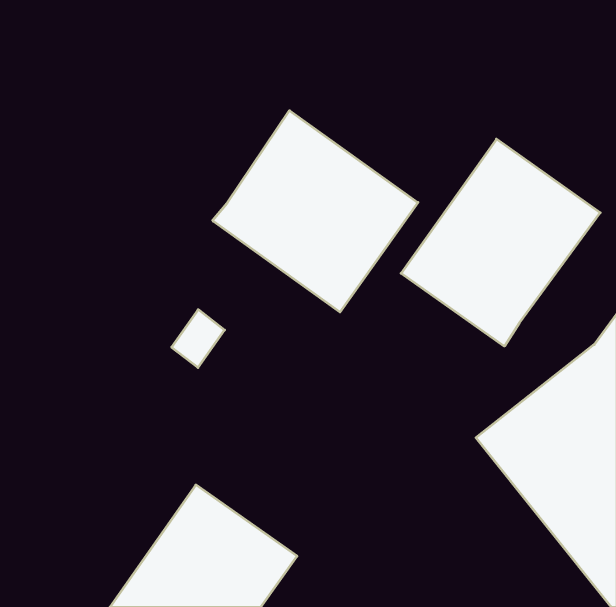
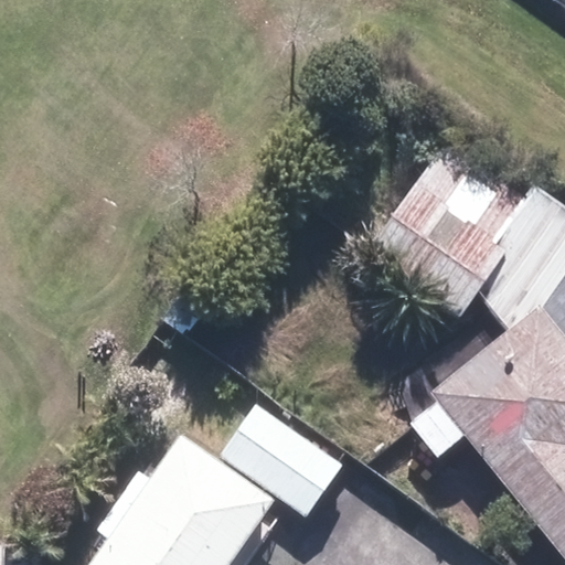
building: [213,111,418,312] -> none
building: none -> [216,406,343,520]

